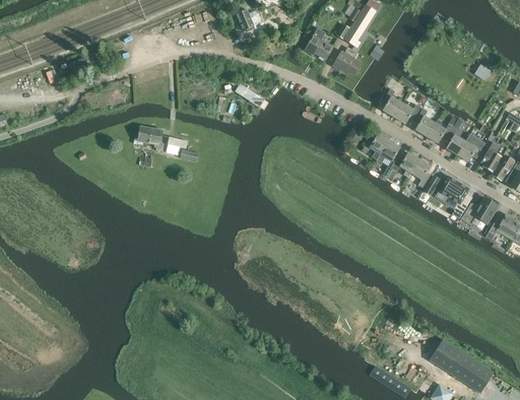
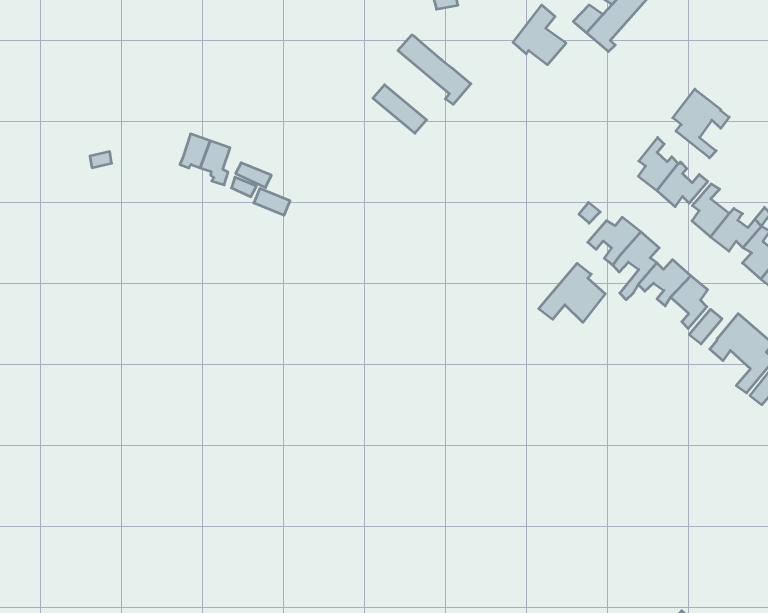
building: [332,48,361,75] -> none
building: none -> [398,35,471,104]
building: none -> [673,89,729,158]
building: none -> [539,263,605,322]

